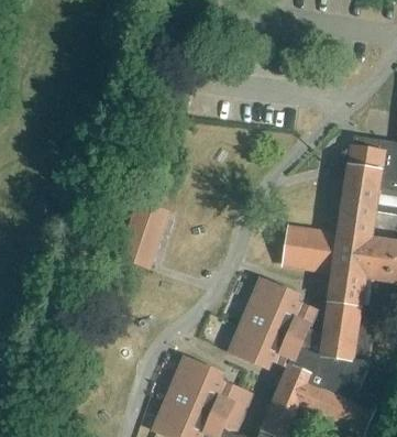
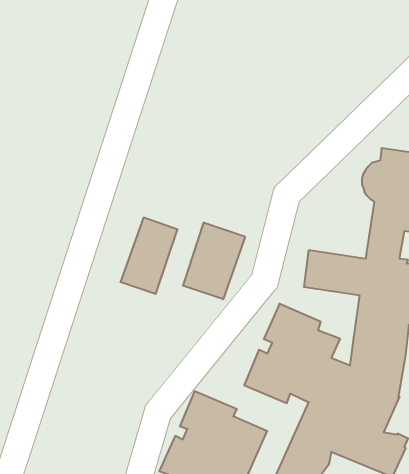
building: none -> [183,222,245,299]

